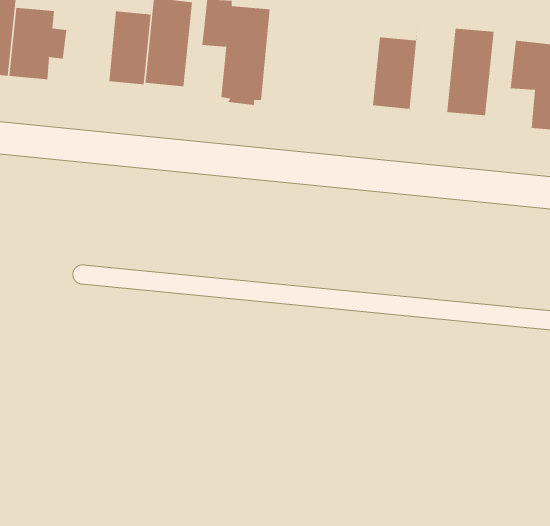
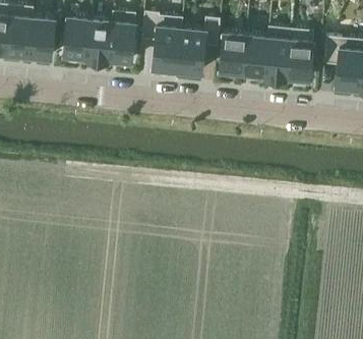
building: none -> [62,16,89,60]
building: none -> [176,17,220,76]
building: none -> [263,26,290,79]
building: none -> [219,32,245,74]

